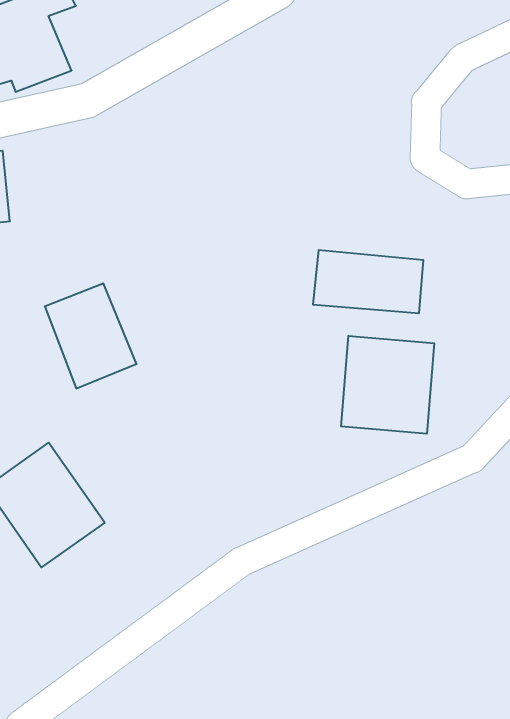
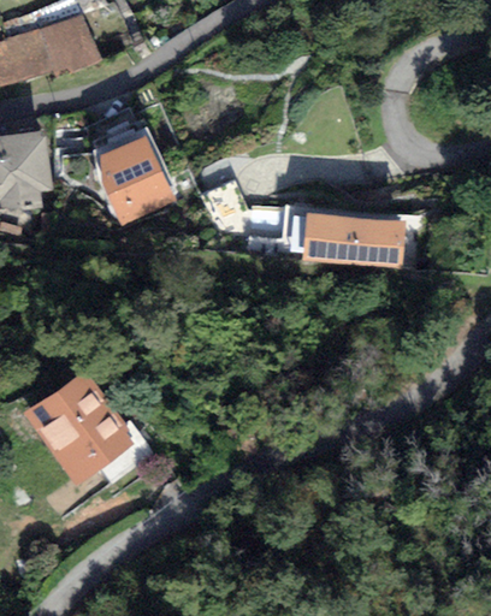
building: [45,284,137,388] -> [96,134,173,221]
building: [341,336,434,434] -> none

